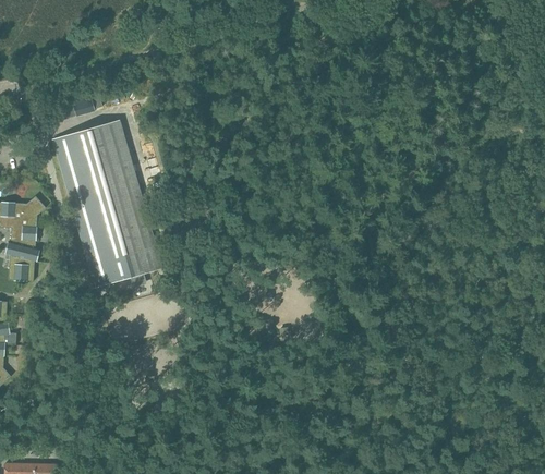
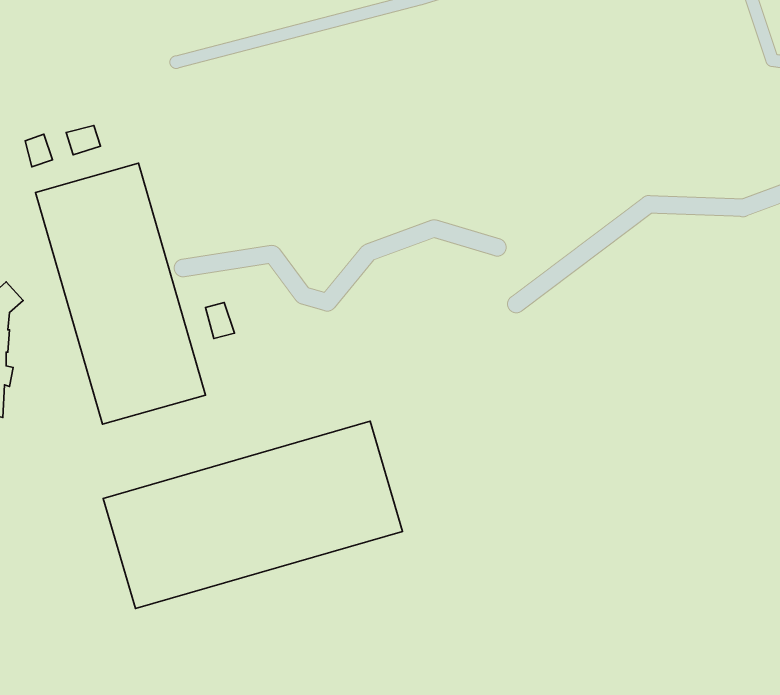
building: none -> [103,421,403,609]

